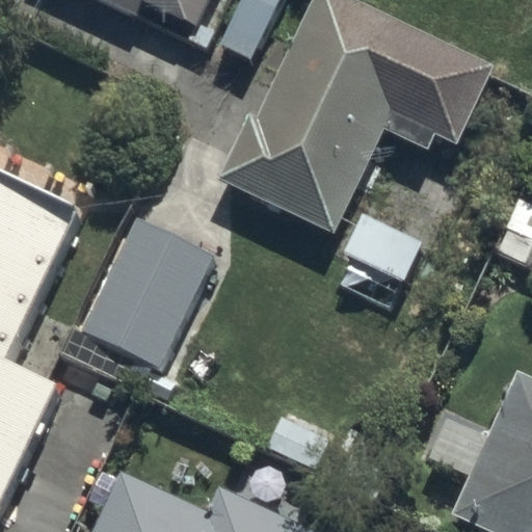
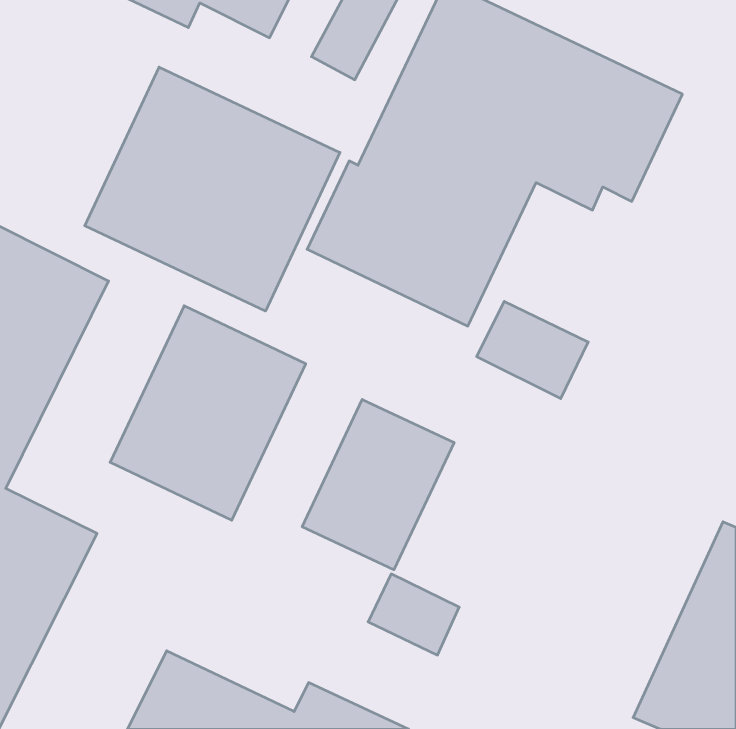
building: none -> [85,67,340,311]
building: none -> [302,399,454,570]

